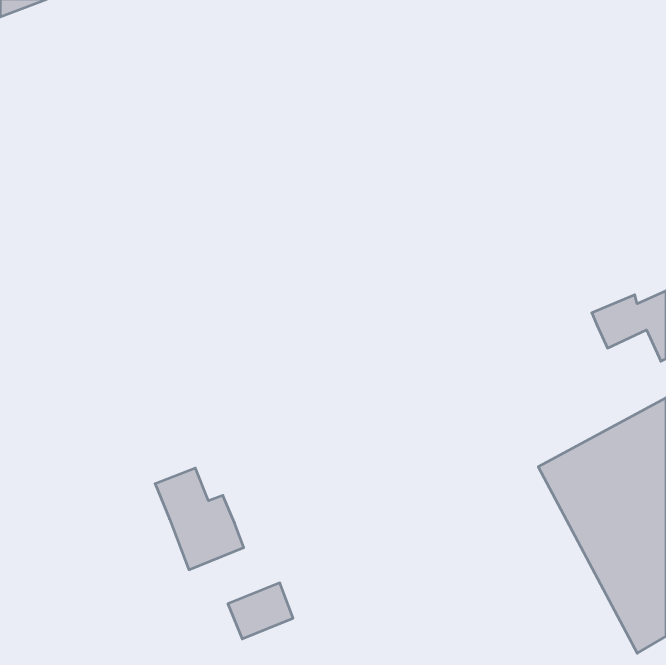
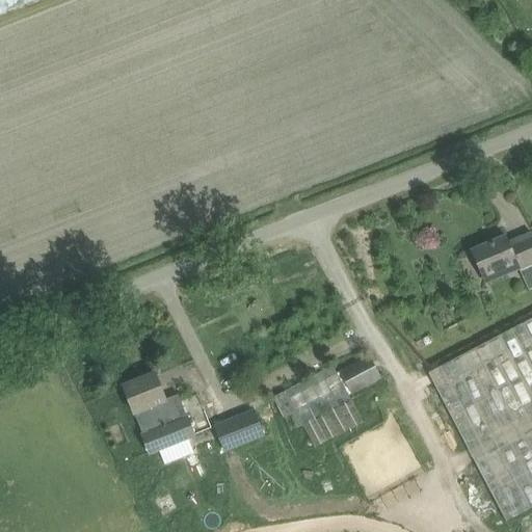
building: none -> [271,354,381,446]
building: [228,583,293,639] -> [213,407,265,452]

